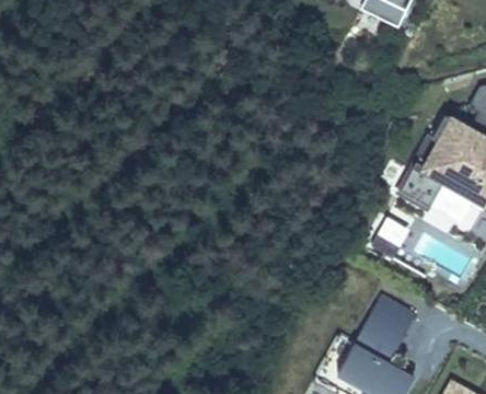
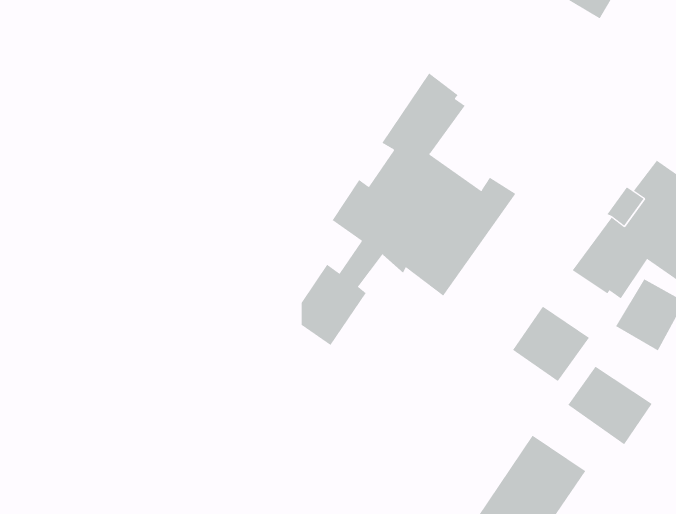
building: none -> [301,73,516,346]
building: none -> [568,366,652,445]

